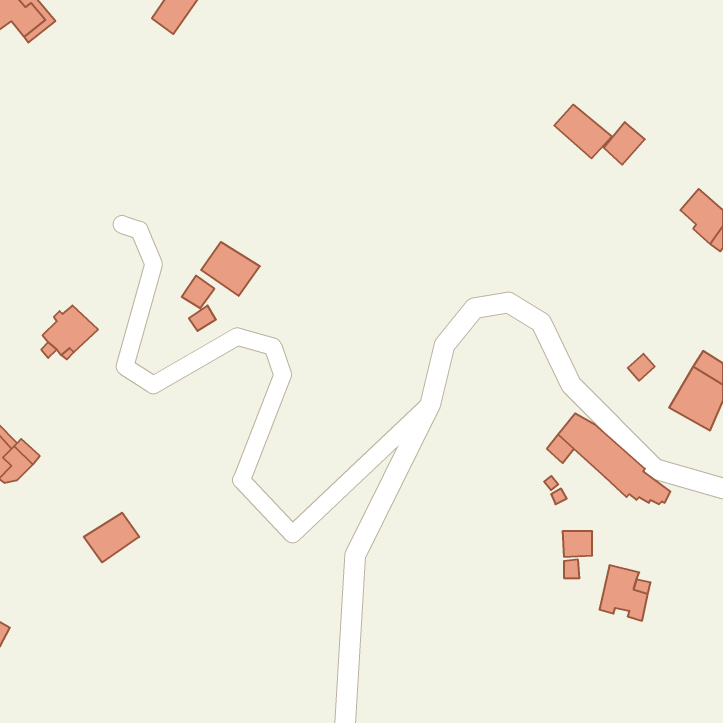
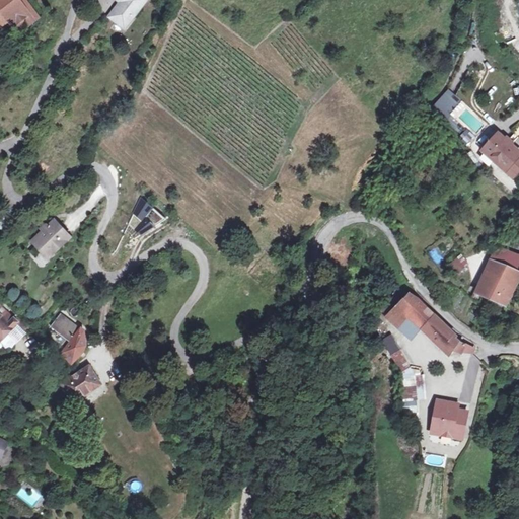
building: [554,105,612,158] -> none
building: [201,242,260,296] -> none
building: none -> [50,311,85,362]

